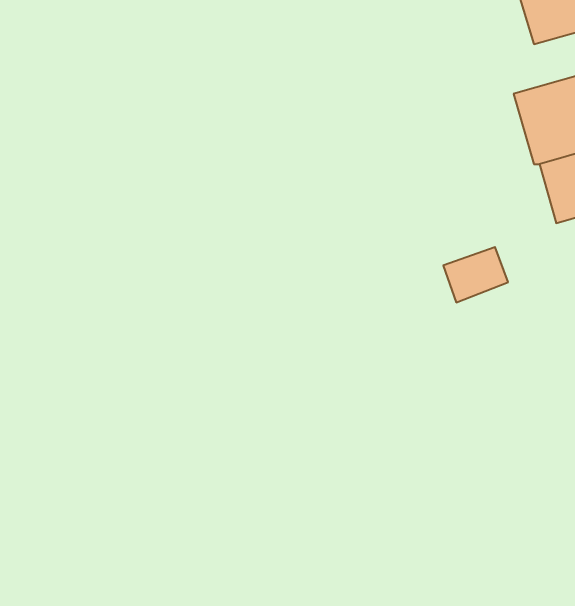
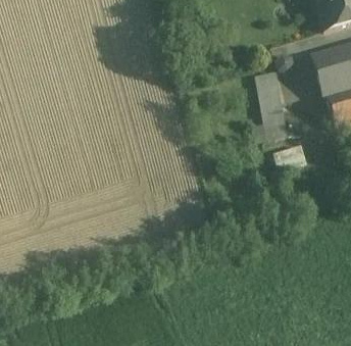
building: none -> [255,70,287,139]

